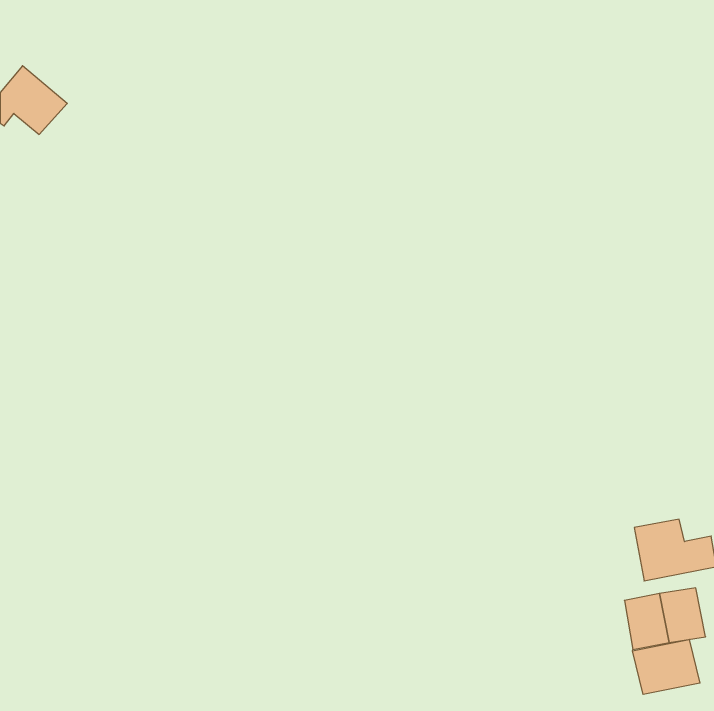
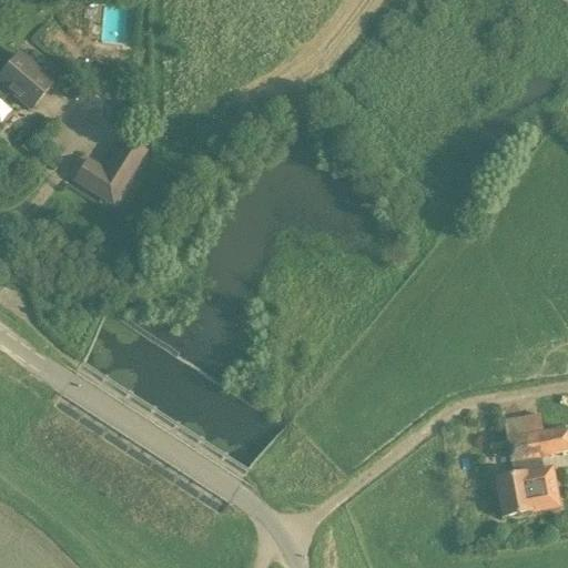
building: none -> [74,136,149,205]
building: [632,639,700,694] -> none

